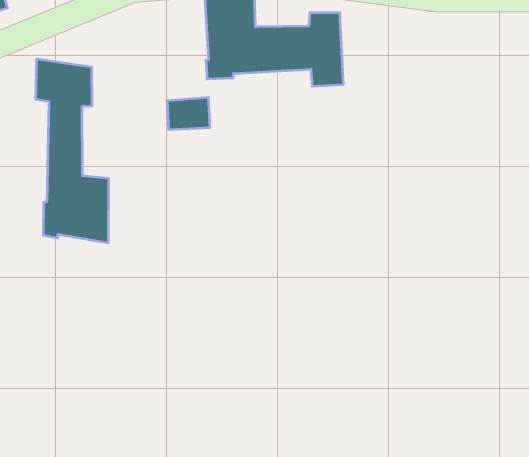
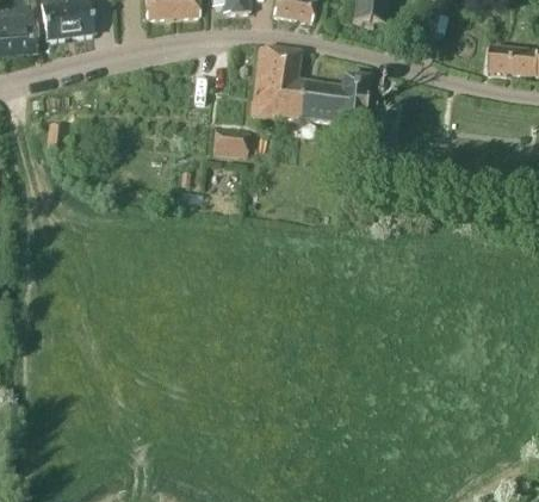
building: [36,59,109,243] -> none

